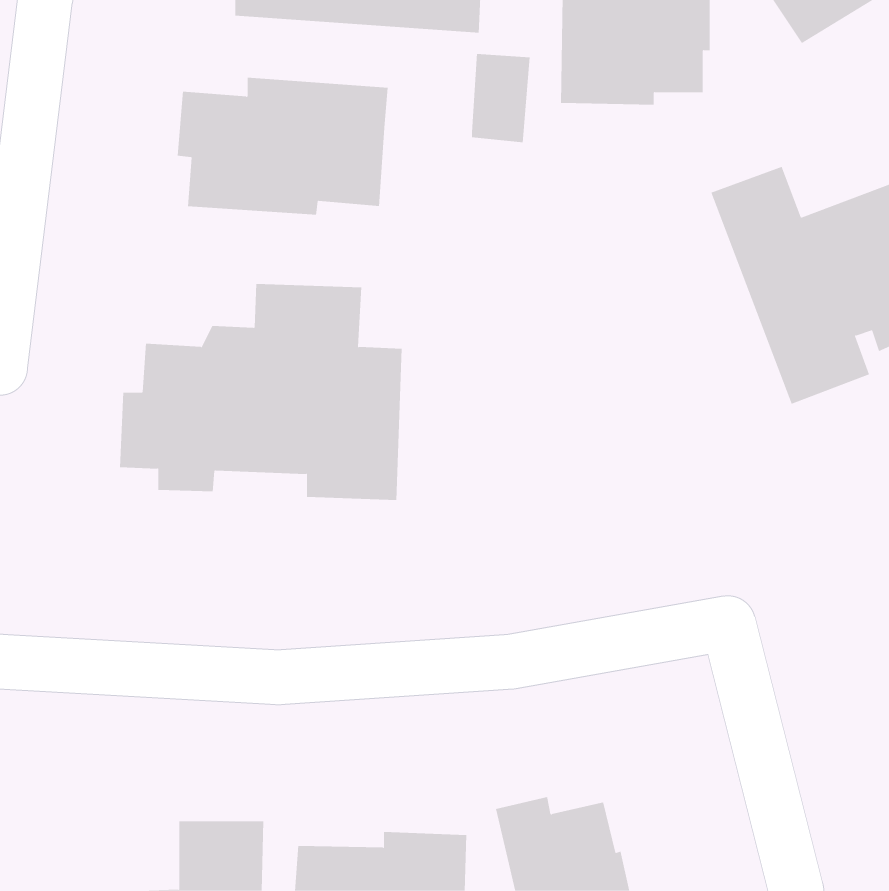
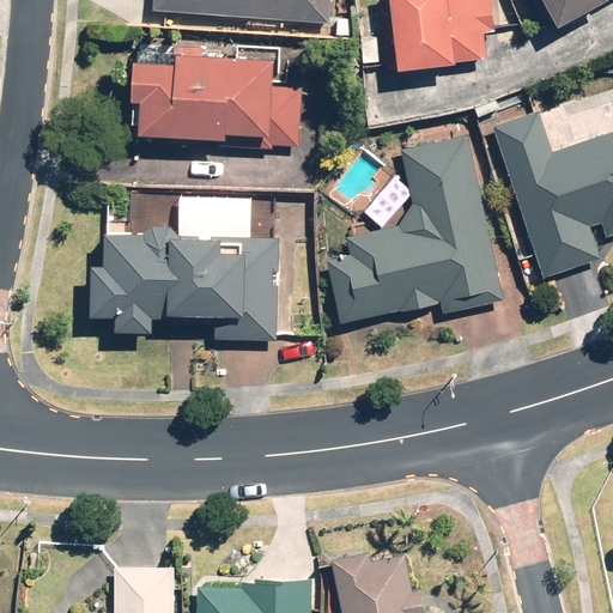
building: [471,54,531,143] -> [263,87,304,148]
building: none -> [322,146,504,326]

